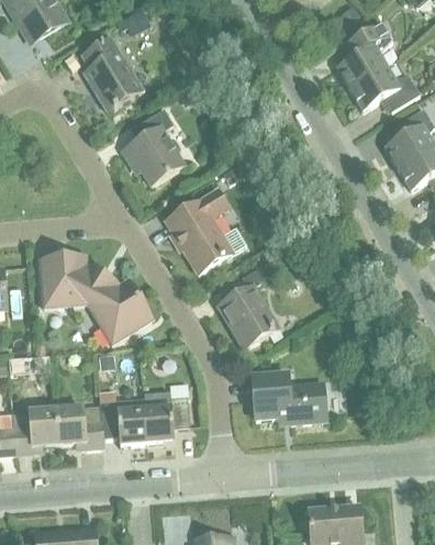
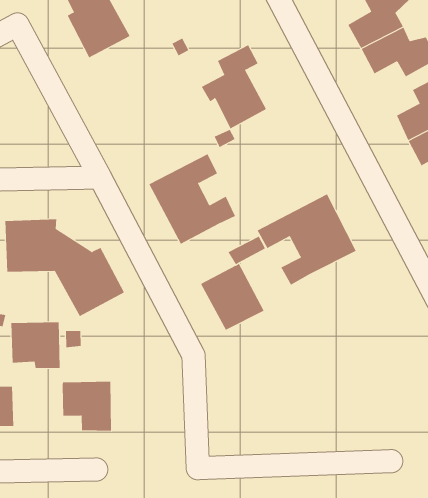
building: [122,109,182,186] -> [201,45,267,129]
building: none -> [257,194,357,285]
building: [250,372,325,423] -> none
building: [142,392,189,444] -> none
building: [55,405,102,448] -> [11,322,60,368]

